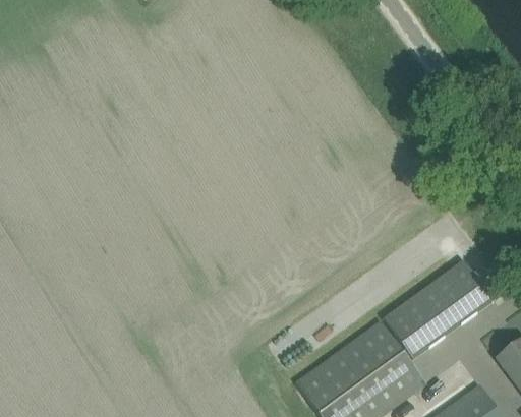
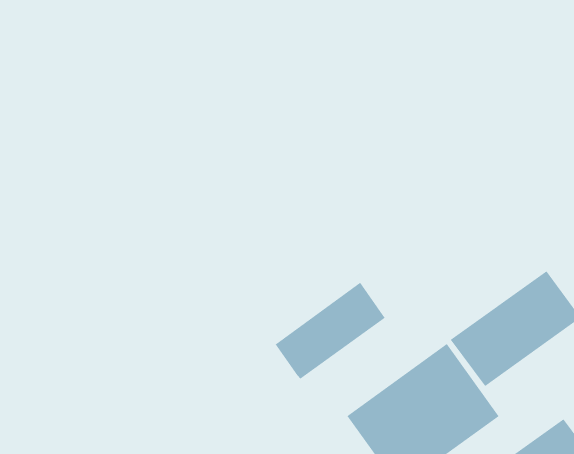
building: none -> [275,282,385,380]

